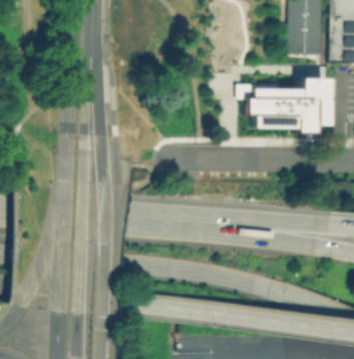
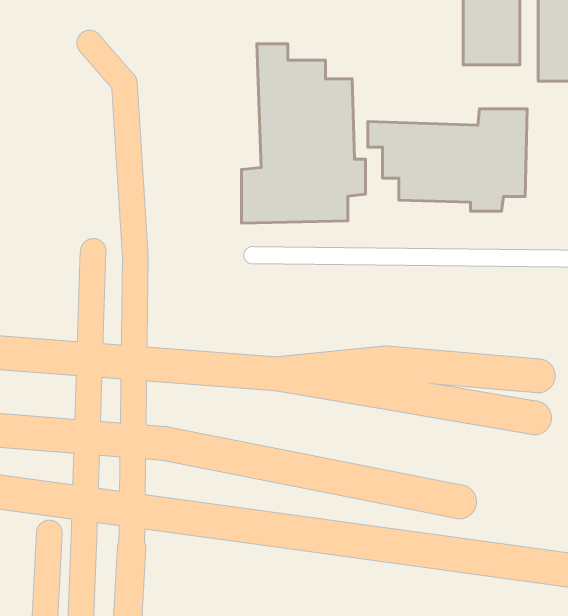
building: none -> [241,44,365,223]

